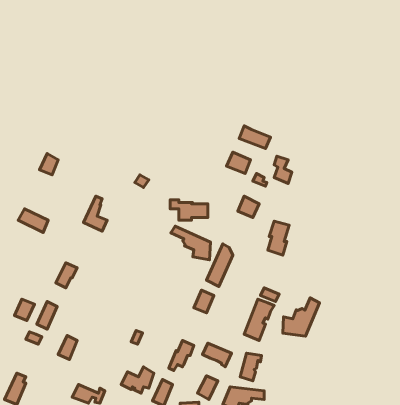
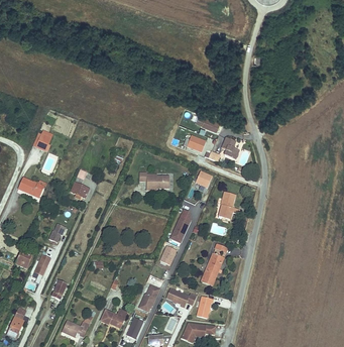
building: [171,226,210,260] -> none
building: [283,298,319,336] -> none

